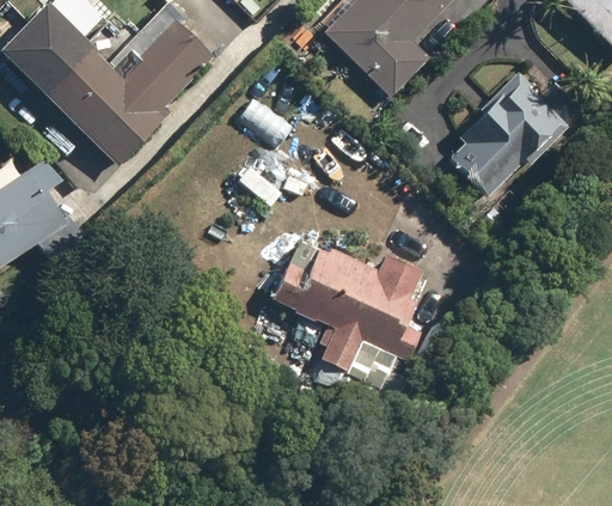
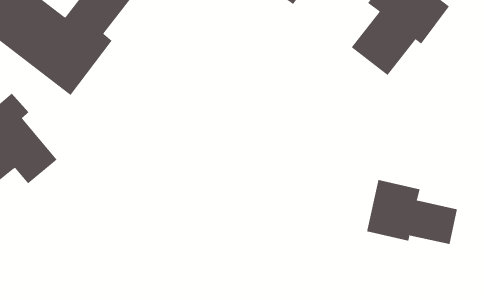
building: [270,243,429,383] -> none
building: none -> [366,179,458,245]

